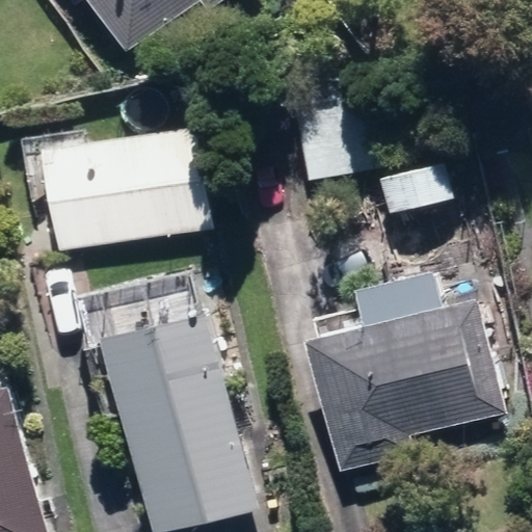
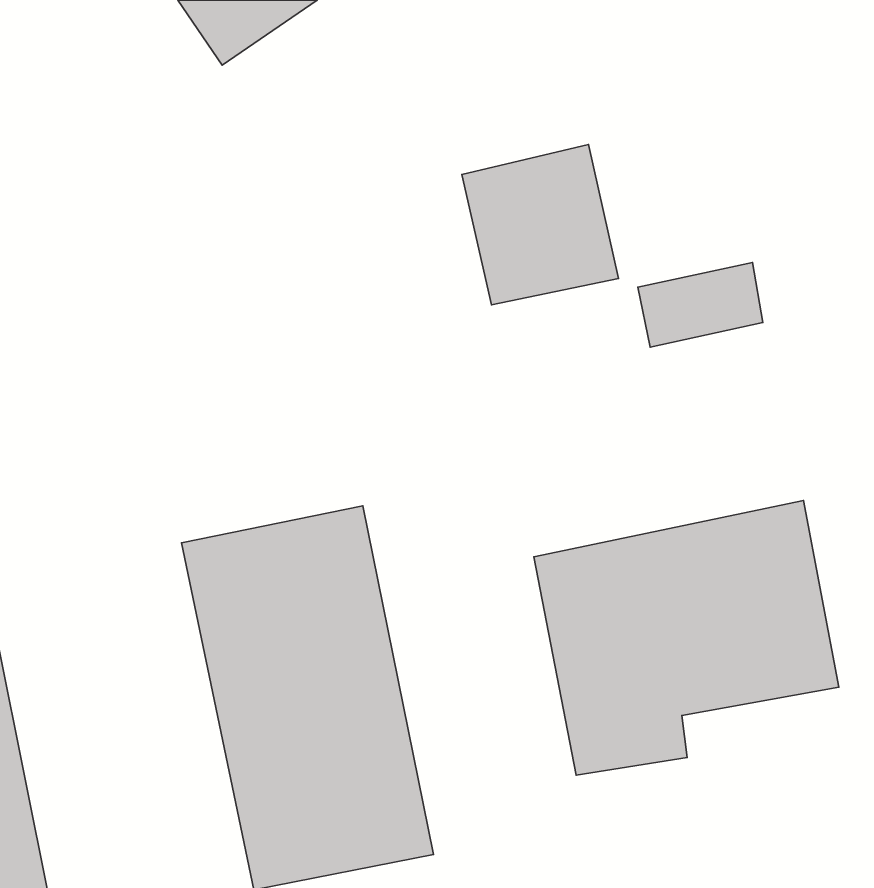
building: [44,127,205,247] -> none

